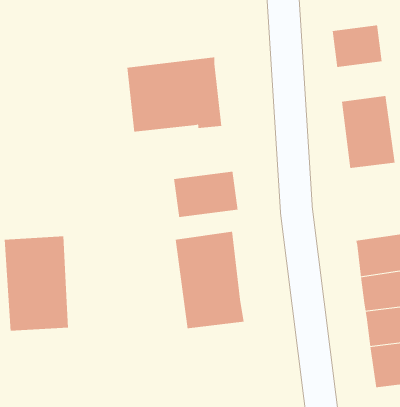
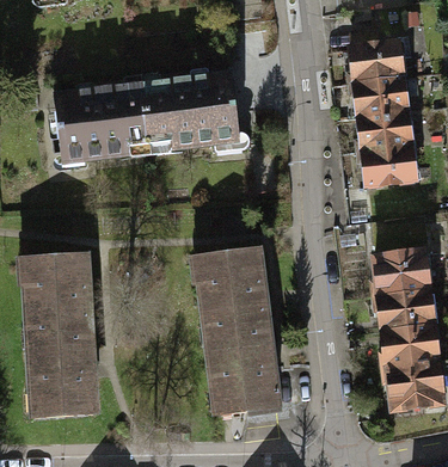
building: none -> [357,78,407,118]
building: none -> [57,84,152,165]
building: [174,171,238,218] -> none
building: none -> [205,342,272,413]
building: none -> [26,348,90,416]

